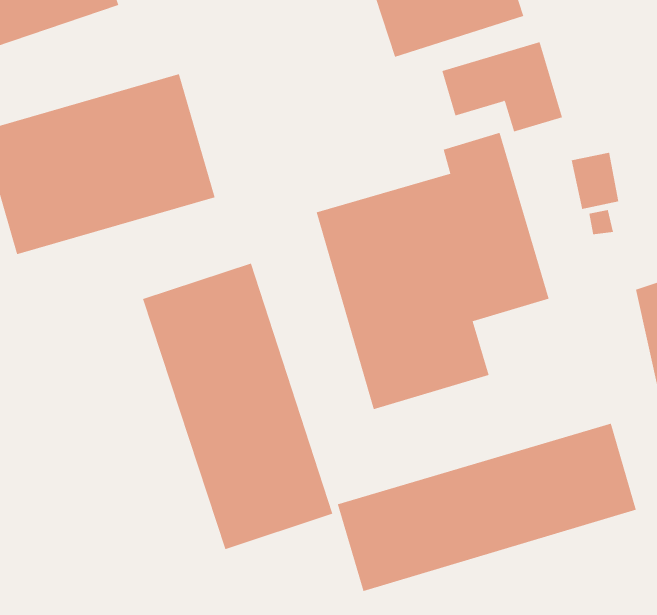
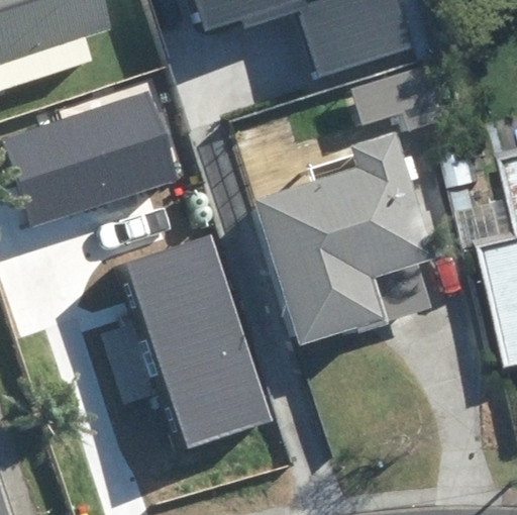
building: [337,423,636,592] -> none

